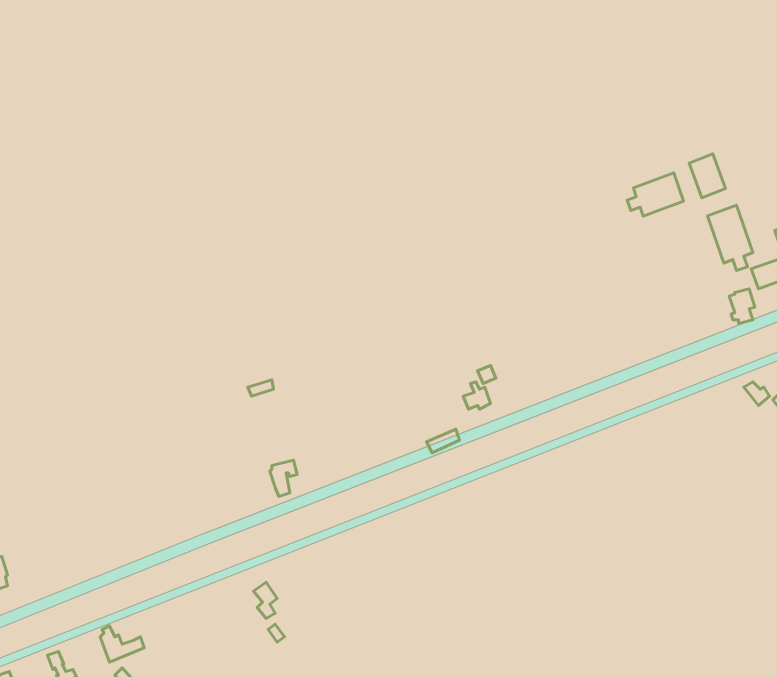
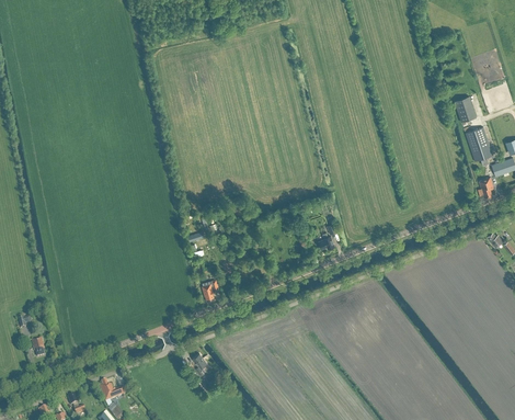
building: [627,173,684,216] -> none

